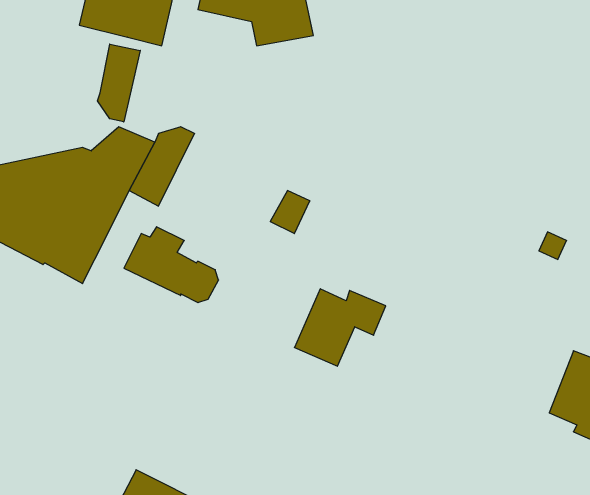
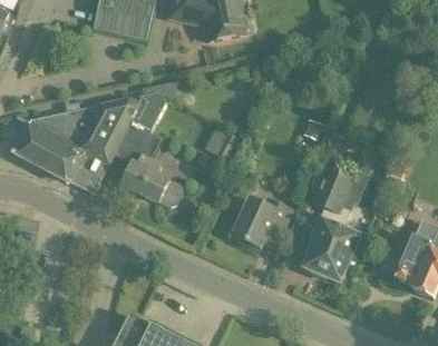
building: [97,44,140,122] -> none
building: none -> [306,169,360,281]

